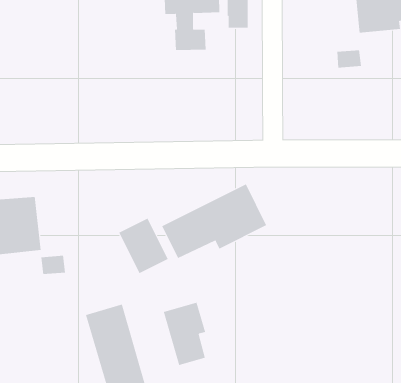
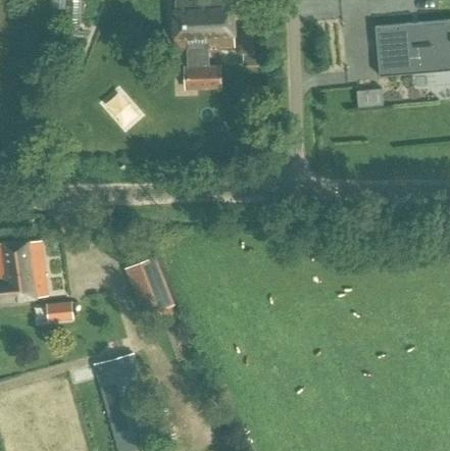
building: [161,183,267,259] -> none
building: [163,302,206,366] -> none

